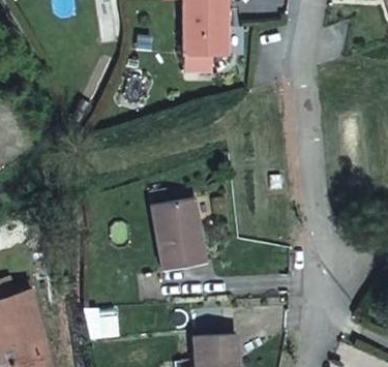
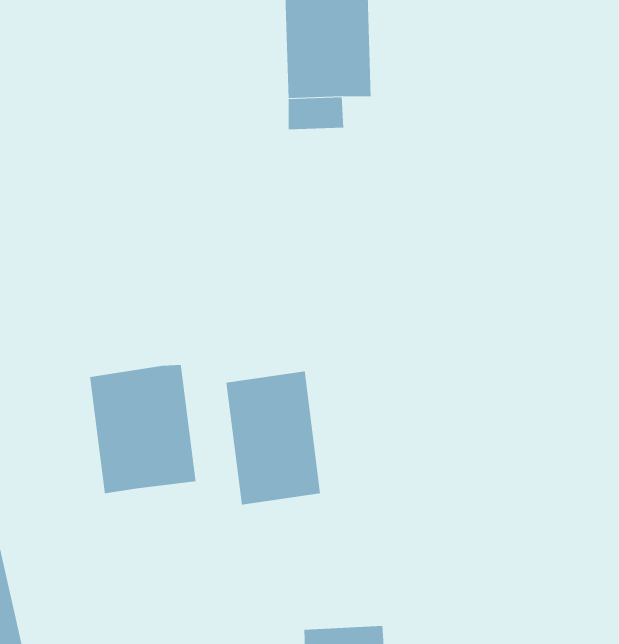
building: none -> [90,364,196,494]

